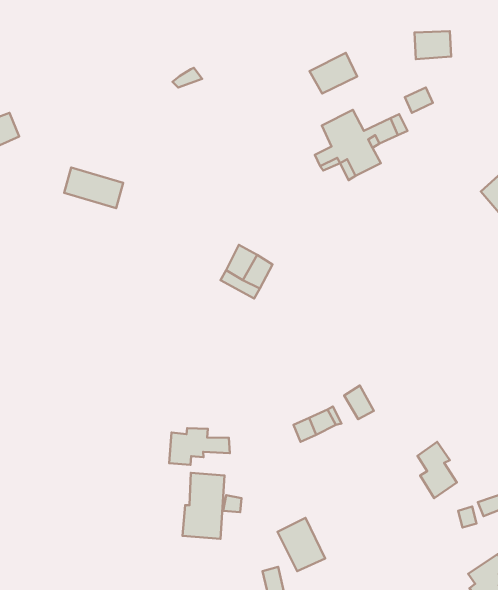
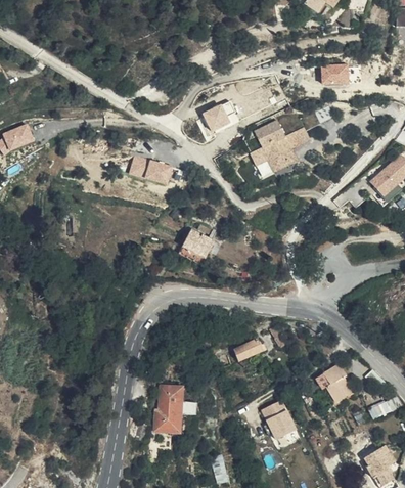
building: [309,53,357,94] -> [202,100,237,130]
building: [64,168,123,208] -> [129,154,172,184]
building: [169,428,230,465] -> none
building: [277,518,325,571] -> [261,399,296,438]

